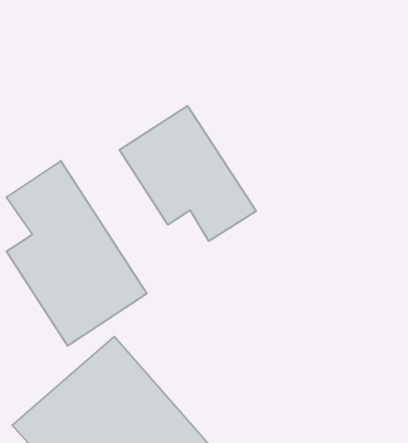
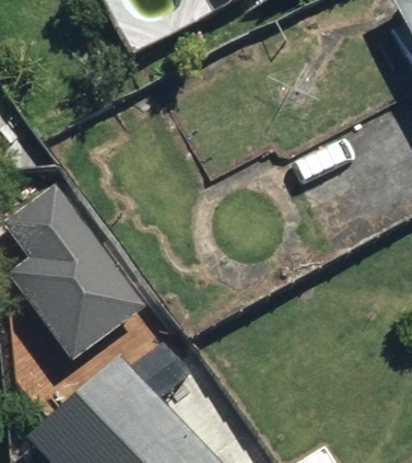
building: [119,106,256,241] -> none

